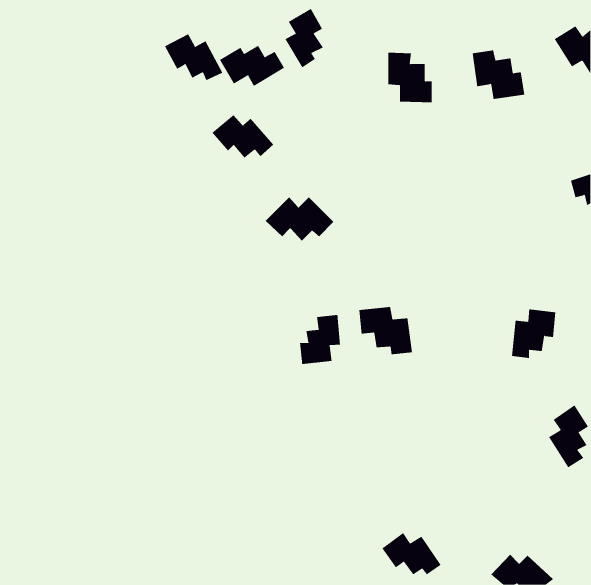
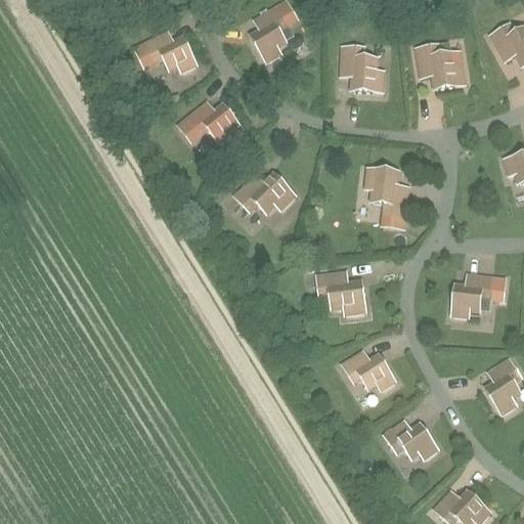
building: [219,45,285,87] -> none
building: none -> [365,168,409,216]
building: [300,314,340,365] -> none
building: none -> [342,350,395,390]
building: [382,532,442,575] -> [385,421,438,458]

